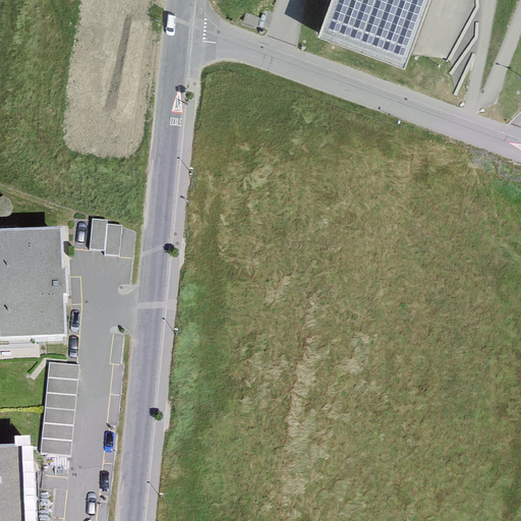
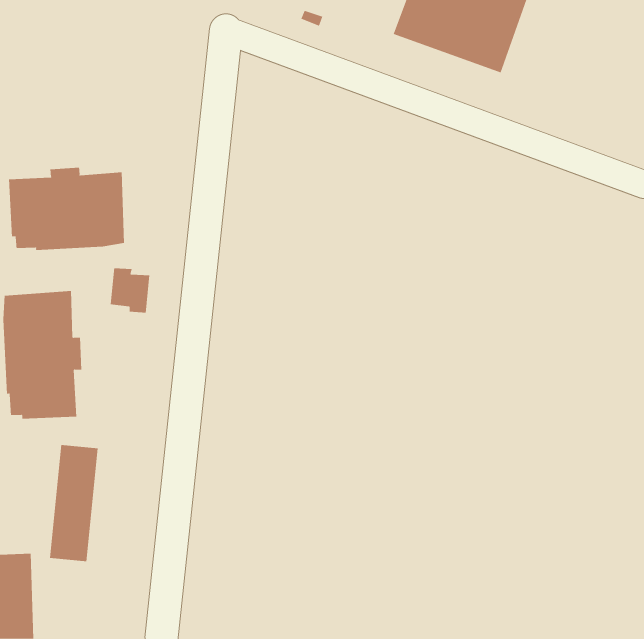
building: none -> [8,167,124,251]

